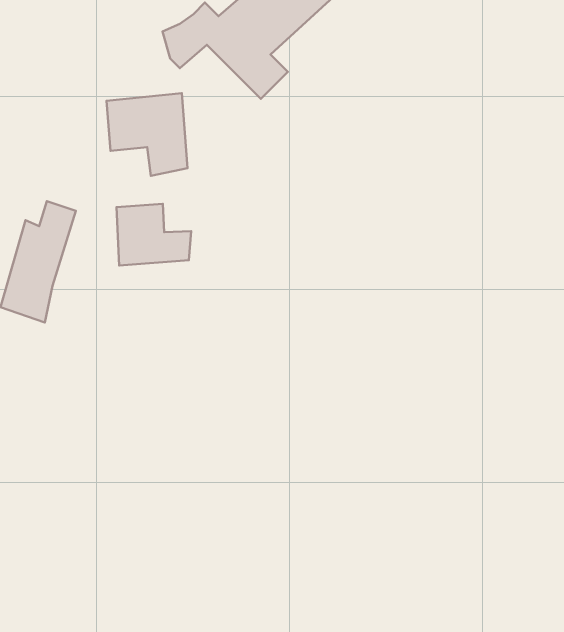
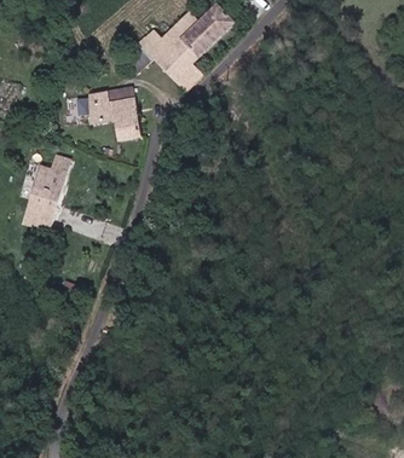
building: [117,204,191,265] -> none

